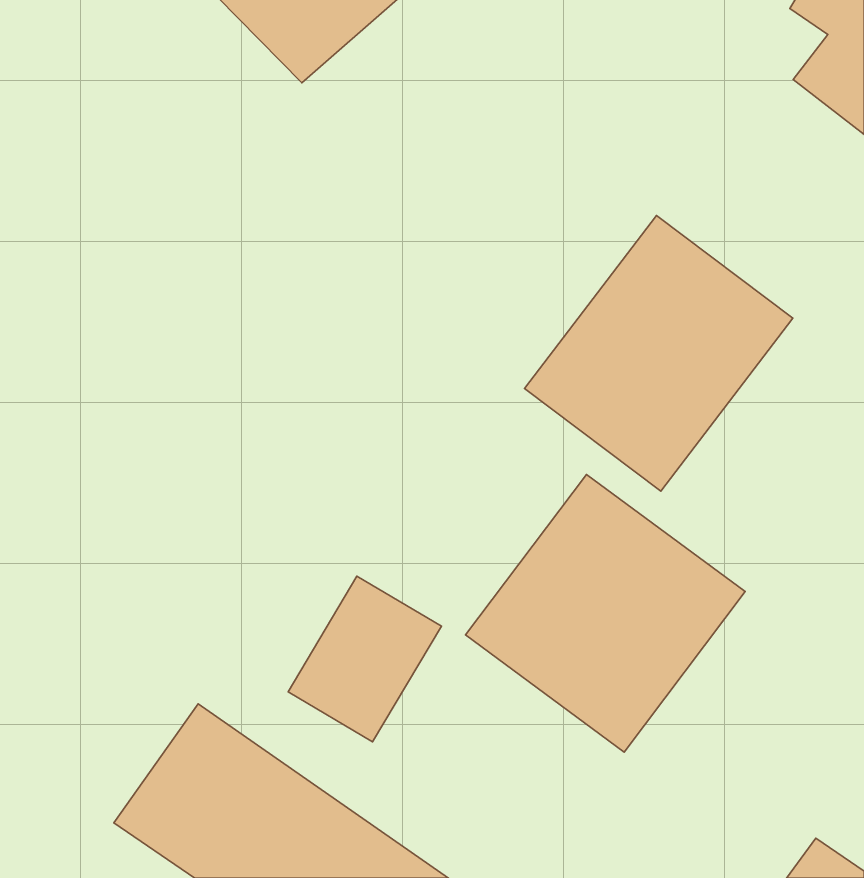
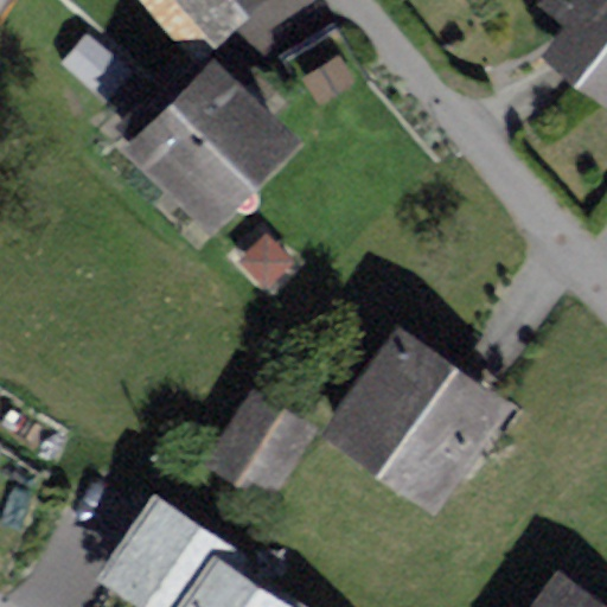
building: none -> [122,59,302,238]
building: [525,216,793,491] -> none

